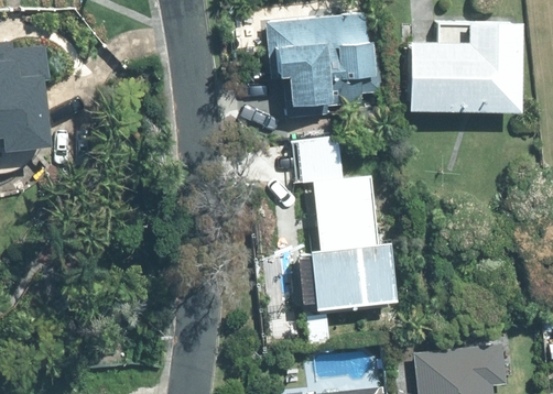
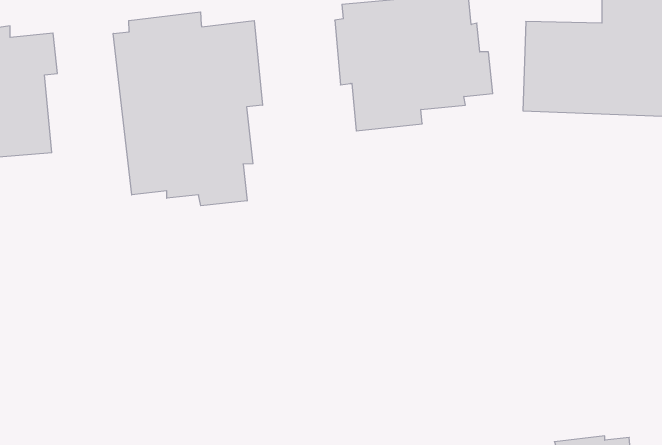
building: none -> [113,12,263,206]
building: [292,138,395,307] -> none

